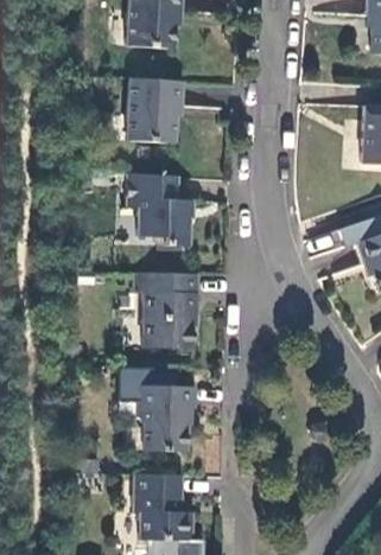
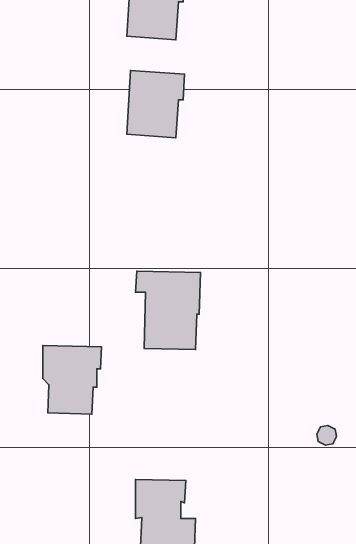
building: [127,172,191,244] -> none
building: [138,384,195,451] -> [43,346,102,414]

